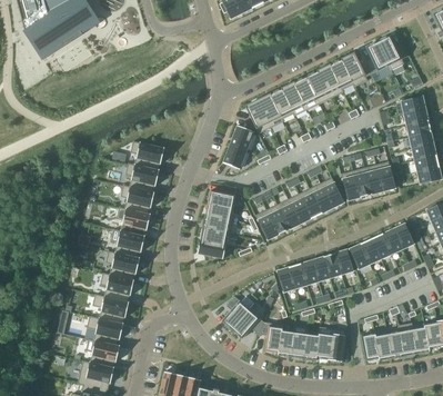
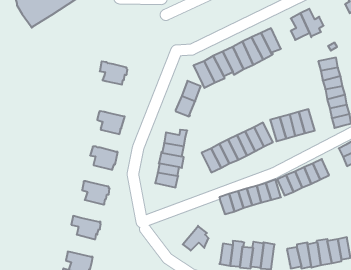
building: [342,52,372,87] -> none
building: [131,140,165,169] -> [100,61,127,85]
building: [121,185,155,214] -> none
building: [111,228,145,257] -> none
building: [101,271,135,301] -> none
building: [222,296,250,329] -> none
building: [88,315,124,345] -> none
building: [259,321,283,352] -> none

